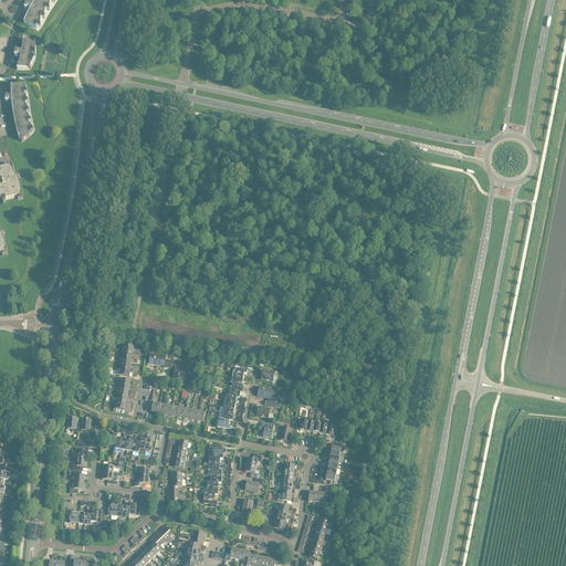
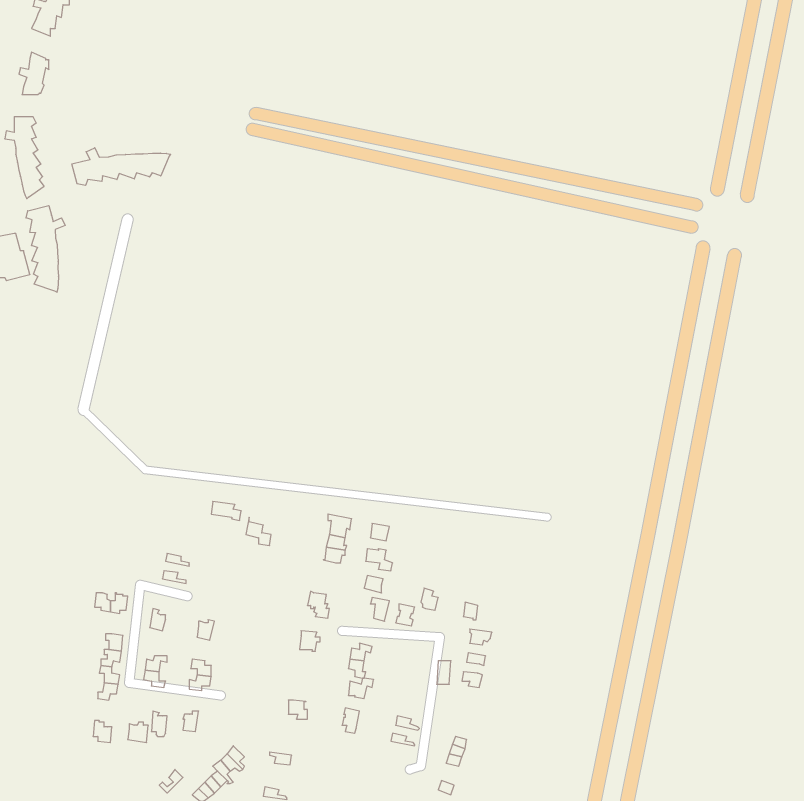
building: none -> [72,148,171,185]
building: none -> [26,206,65,292]

